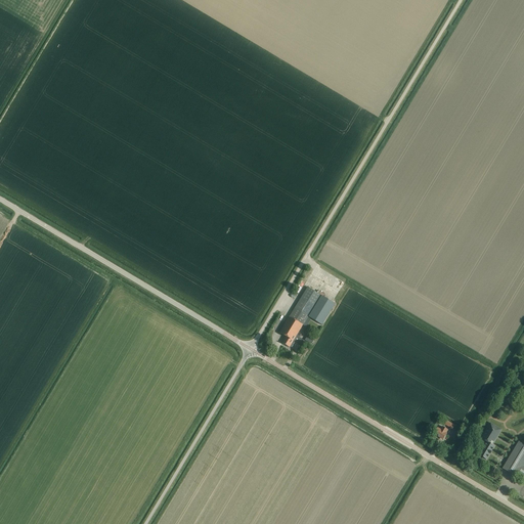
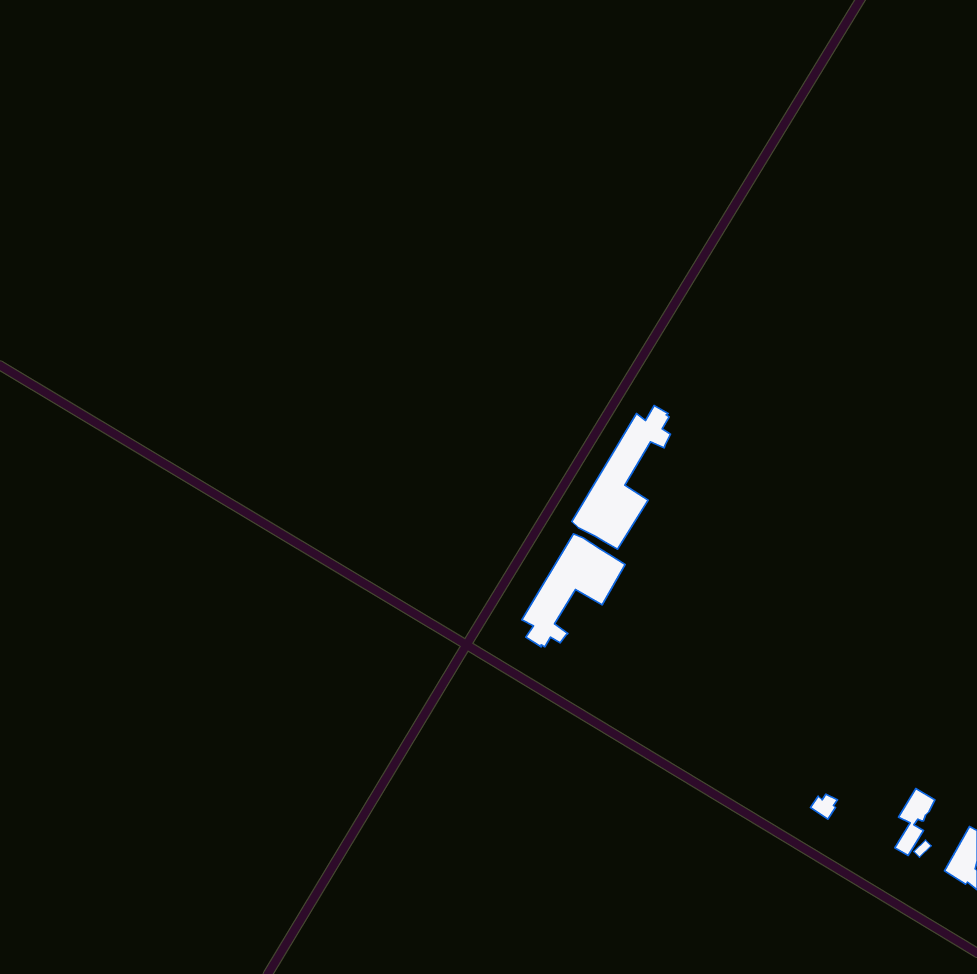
building: none -> [572,405,671,549]

